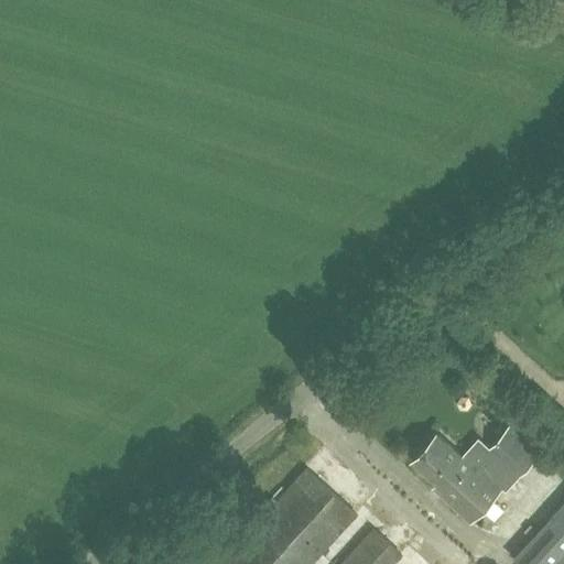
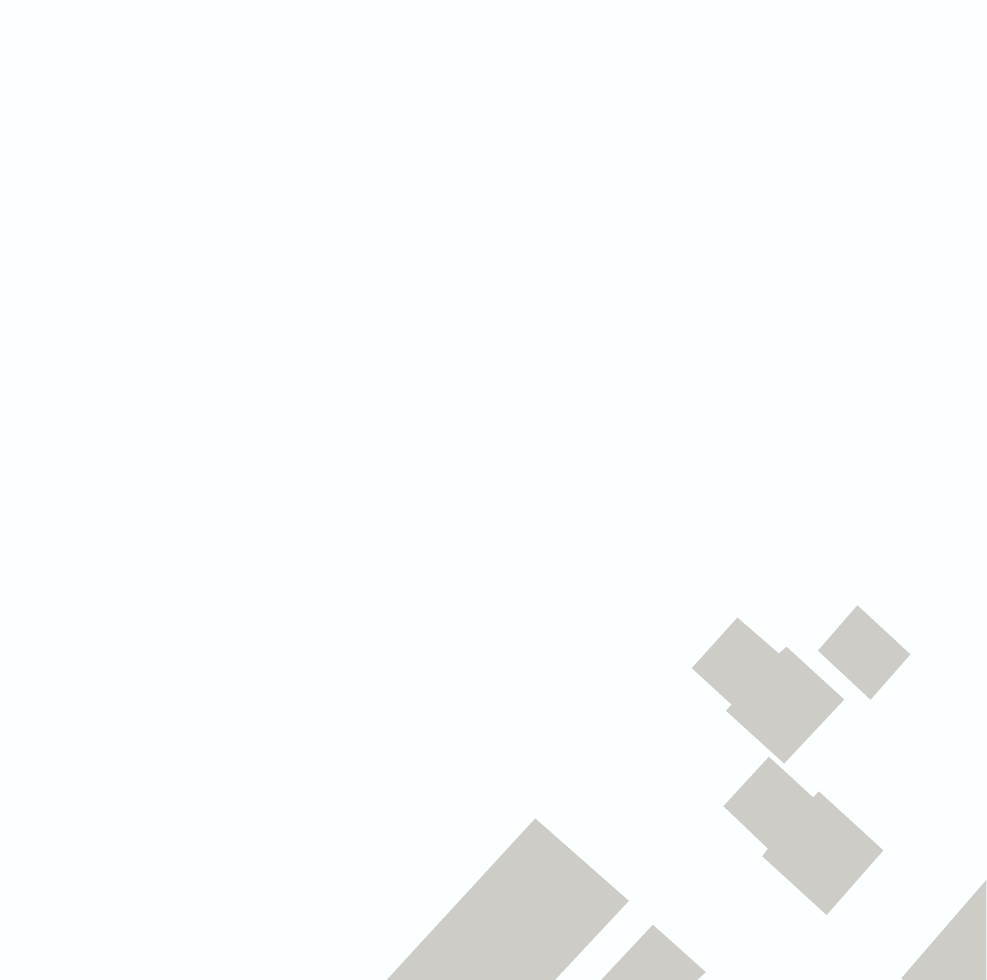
building: none -> [691,616,845,765]
building: [487,427,541,482] -> [817,604,911,701]

